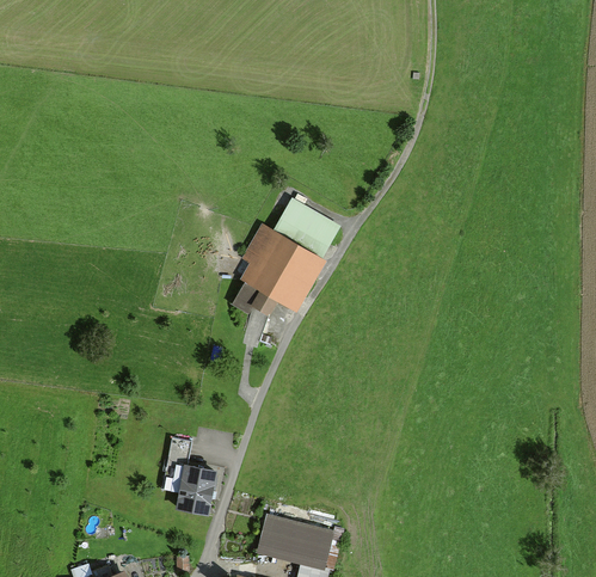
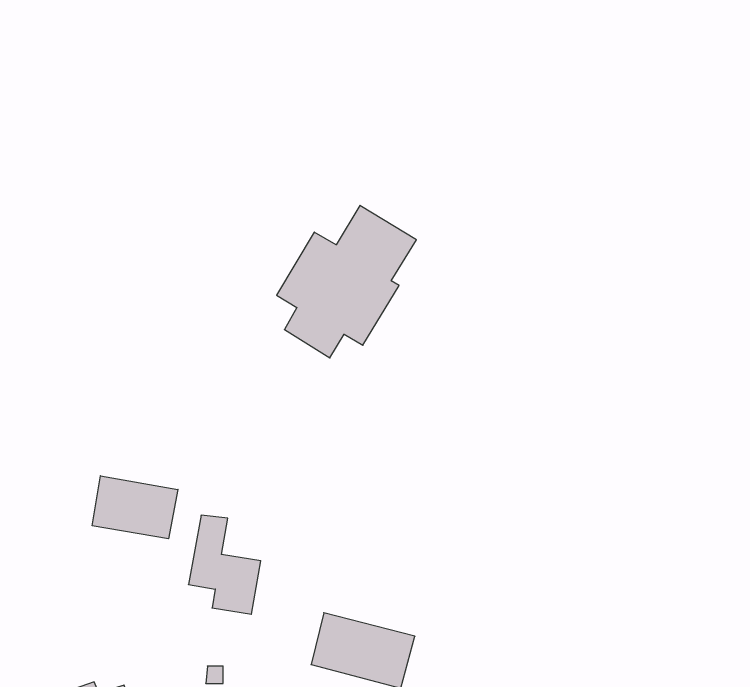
building: none -> [92,476,178,539]

